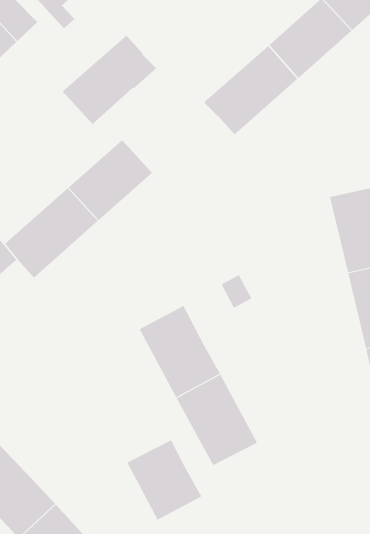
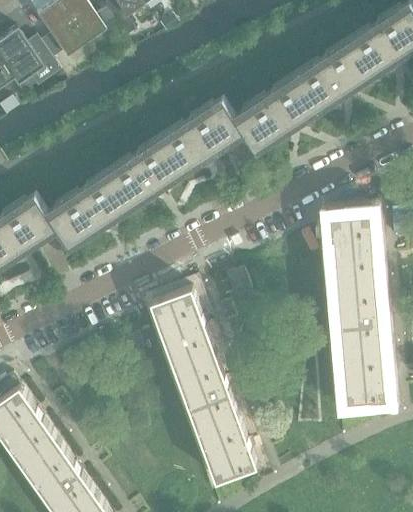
building: [62,35,157,125] -> [158,100,242,172]
building: [127,440,202,521] -> [195,414,255,481]

